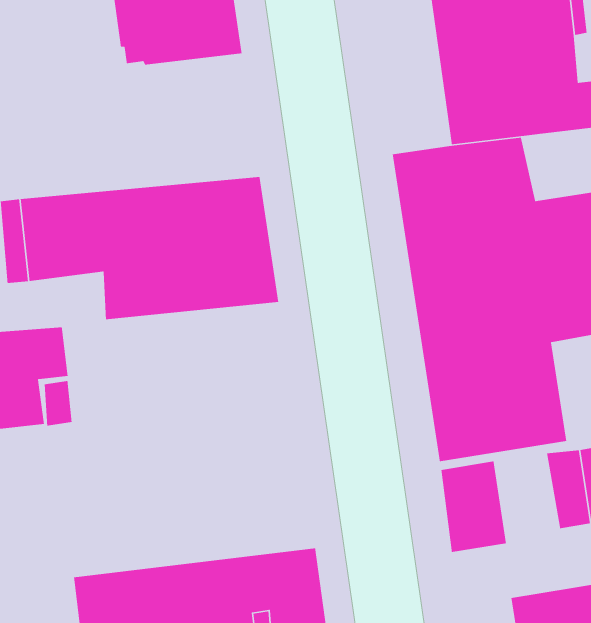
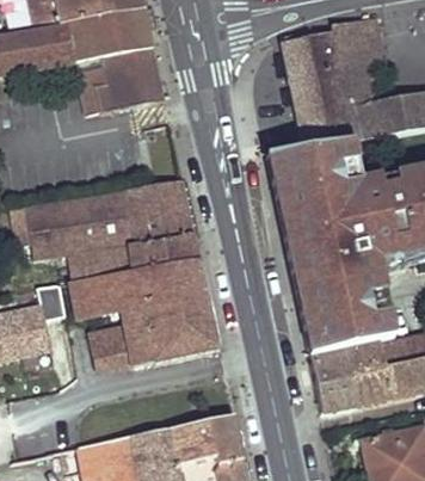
building: none -> [69,259,217,368]
building: none -> [345,345,392,406]

